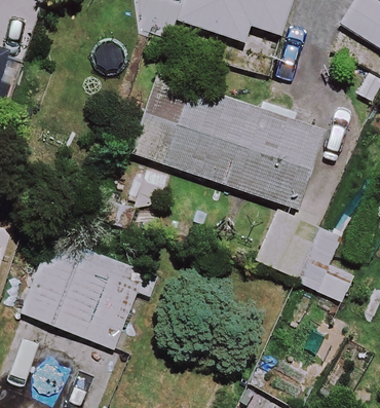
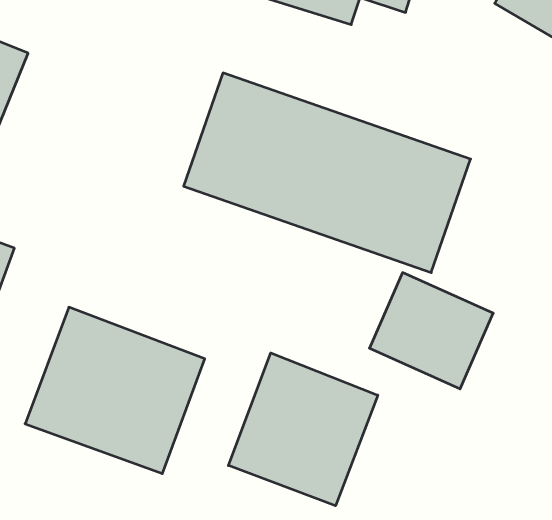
building: none -> [228,353,378,506]

